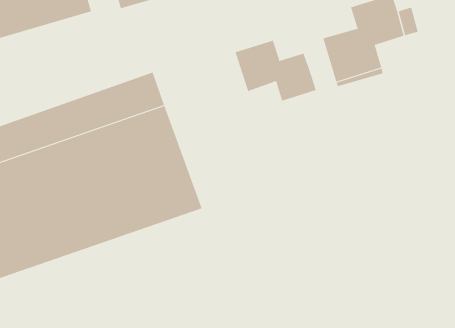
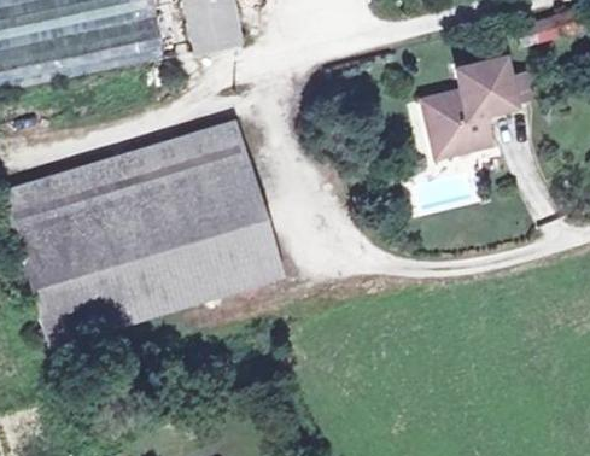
building: [235,40,317,101] -> none

